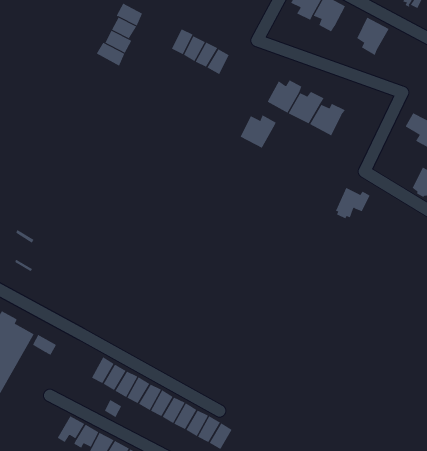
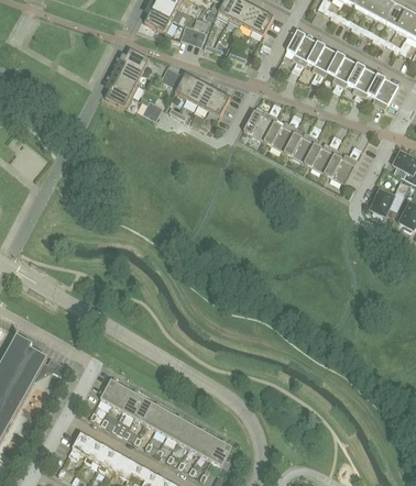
building: none -> [327,52,357,87]
building: none -> [366,73,397,108]
building: none -> [324,152,357,184]
building: [240,114,276,149] -> [242,109,276,141]
building: [335,187,371,219] -> [370,187,403,217]

